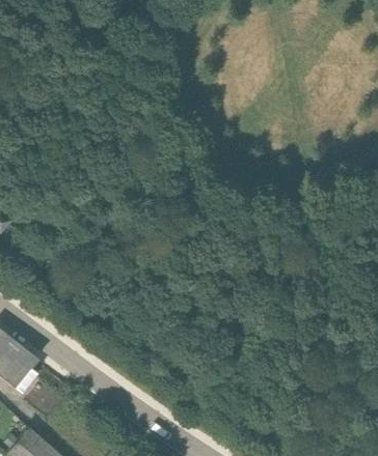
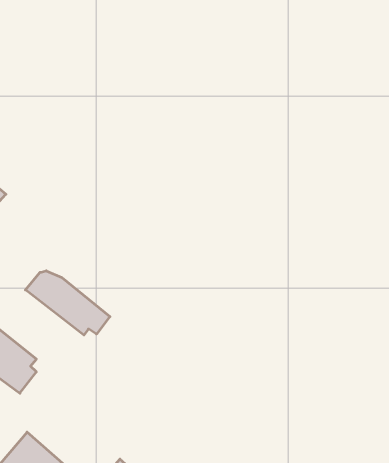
building: none -> [25,271,110,335]

